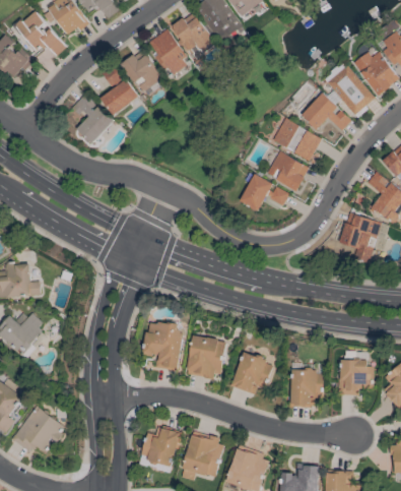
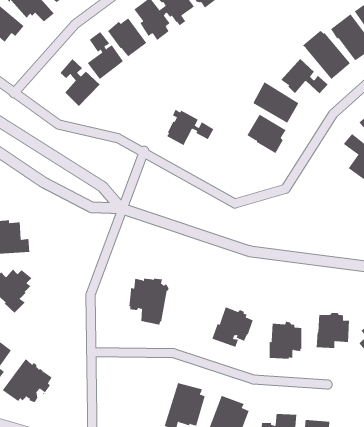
building: [239,173,288,211] -> [166,109,214,146]
building: [339,212,381,263] -> none
building: [188,335,225,379] -> none
building: [138,425,183,473] -> none

